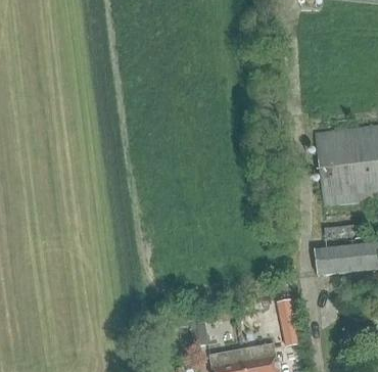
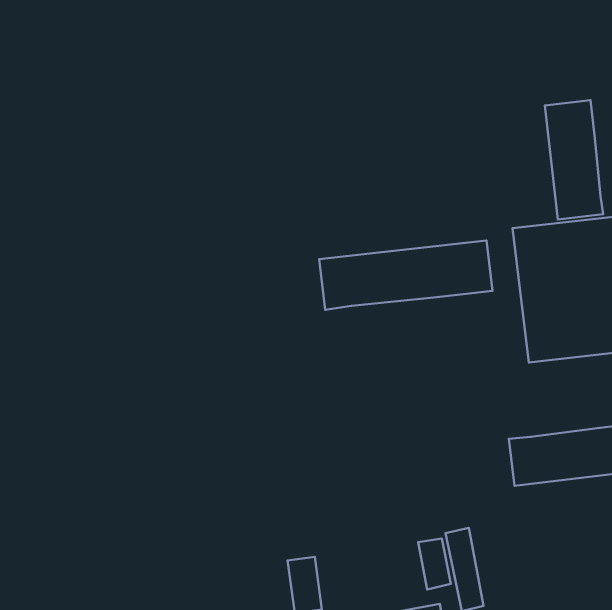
building: none -> [545,100,603,220]
building: none -> [319,240,492,310]

